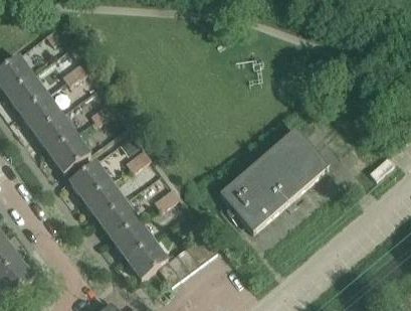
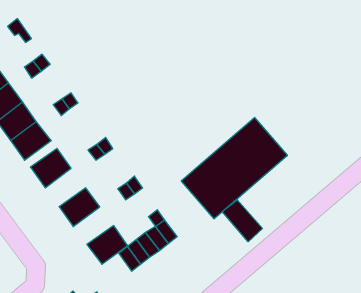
building: [83,180,125,219] -> none
building: none -> [222,200,262,242]
building: [112,219,153,258] -> none

